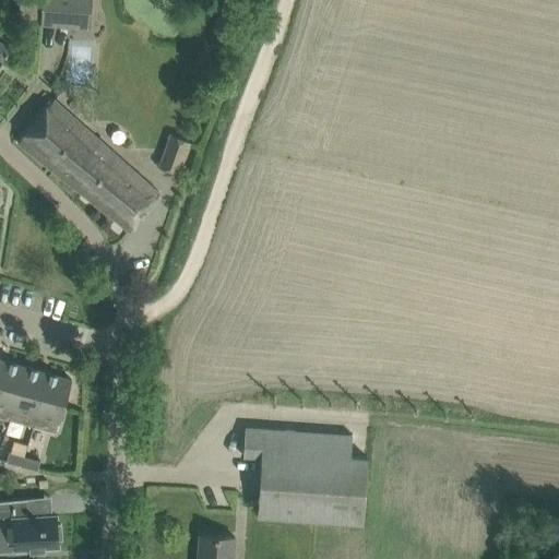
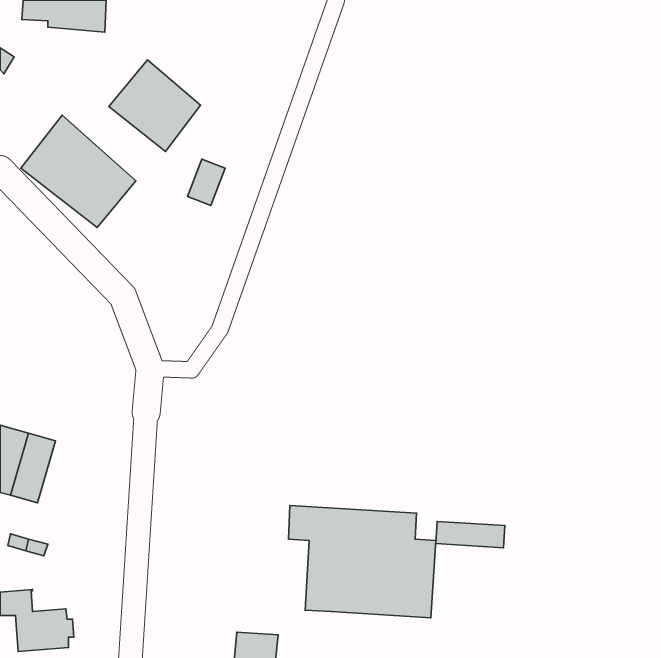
building: [82,155,159,233] -> [109,60,201,152]
building: [32,374,71,433] -> none
building: none -> [436,521,505,548]

